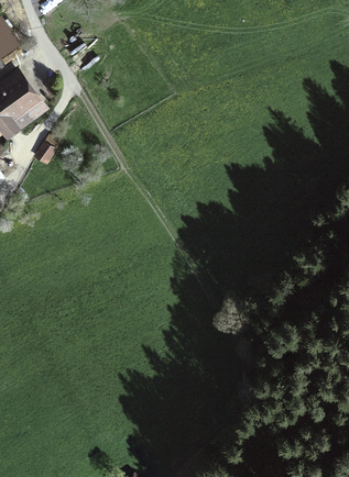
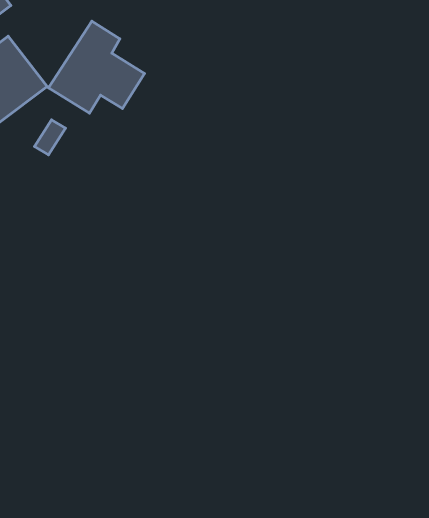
building: none -> [49,21,144,113]

